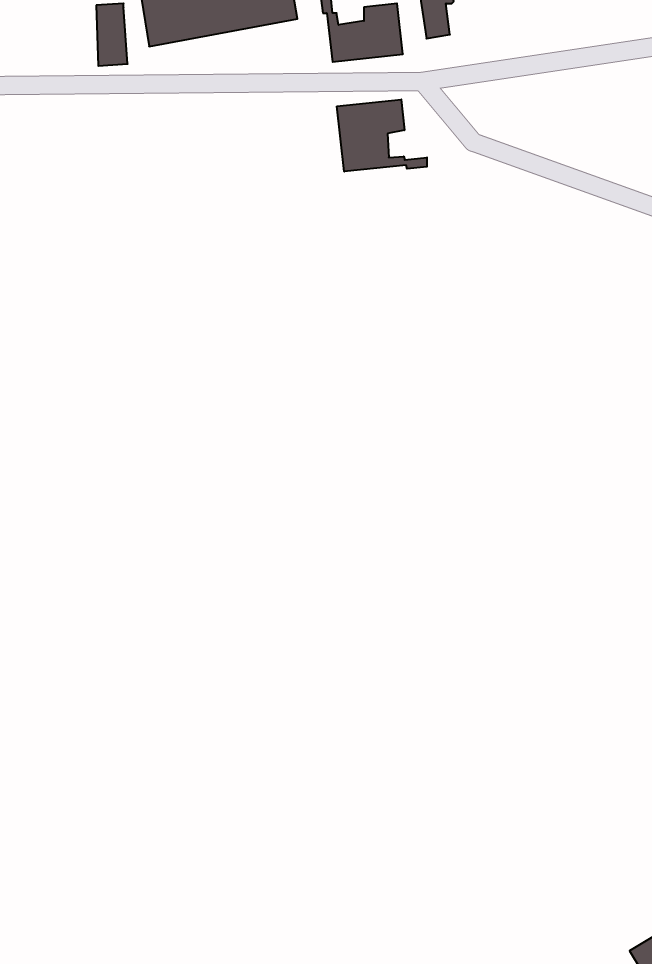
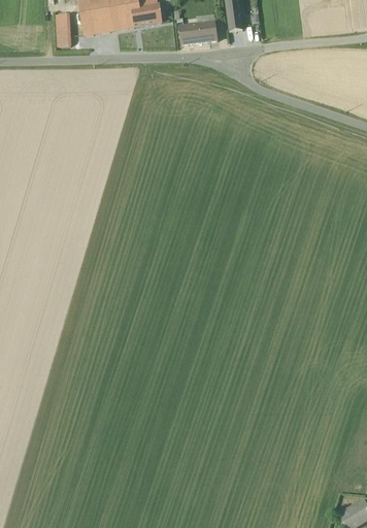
building: [337,99,427,172] -> none

